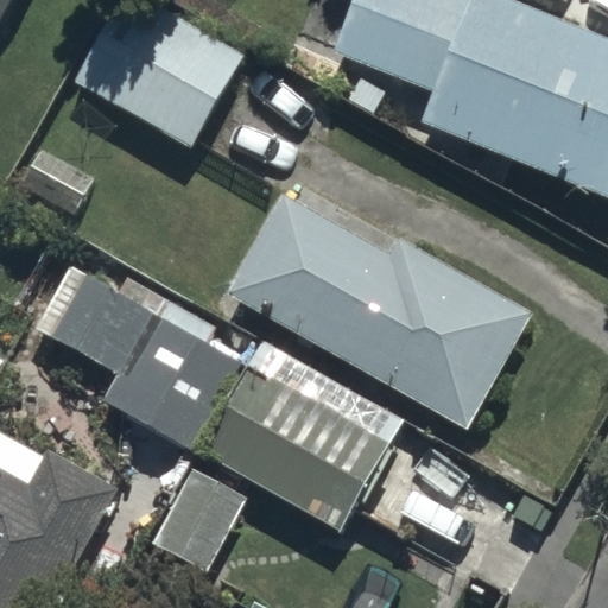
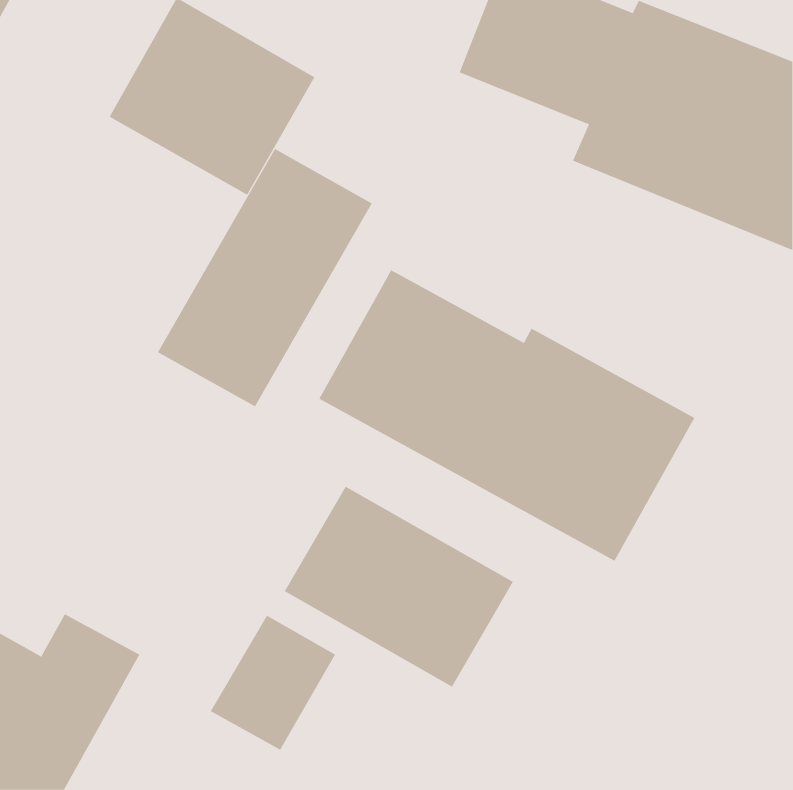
building: none -> [157,148,373,407]
building: [27,261,242,442] -> none

